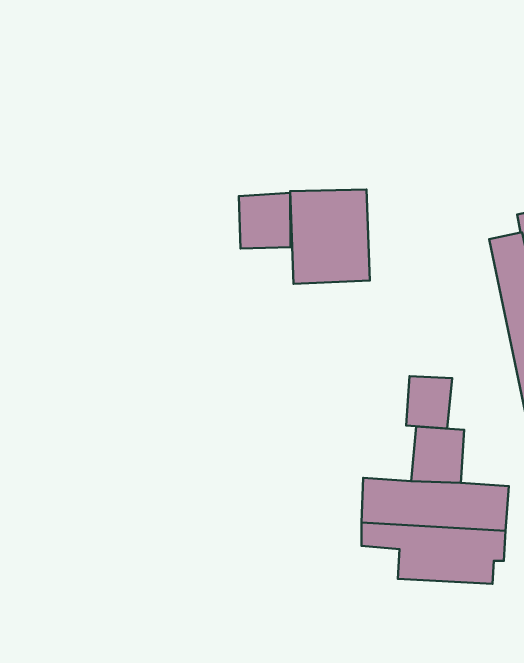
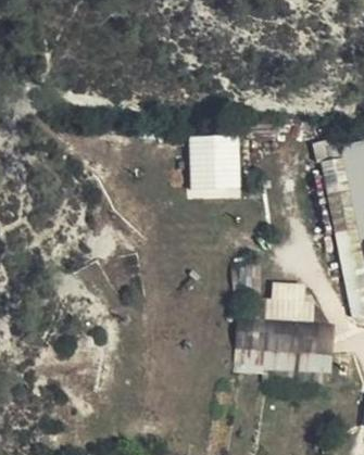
building: [239,193,290,249] -> none
building: [406,376,452,429] -> none

